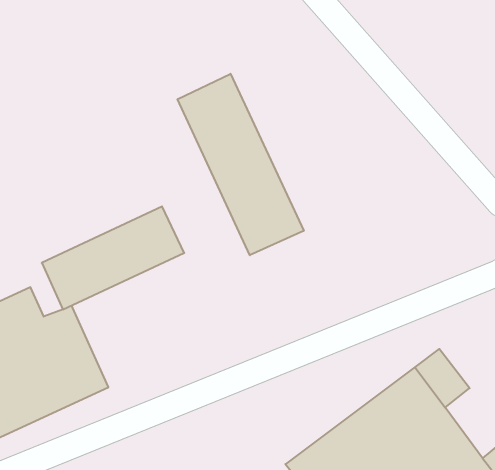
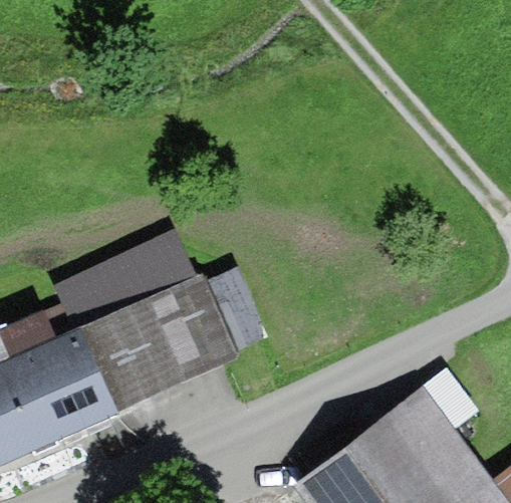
building: [178,74,304,255] -> none
building: none -> [83,274,239,410]

